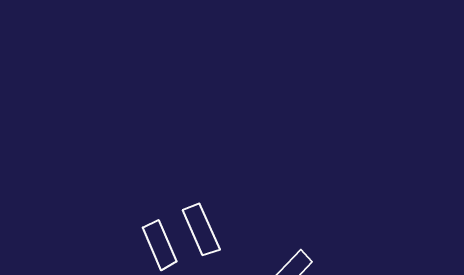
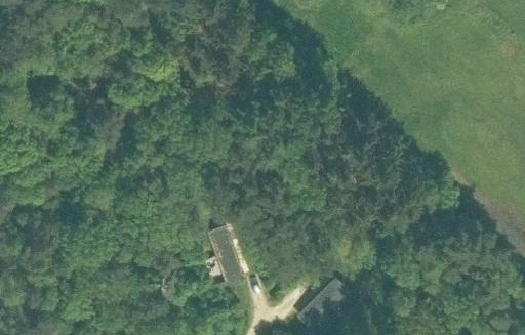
building: [143,220,177,270] -> none

